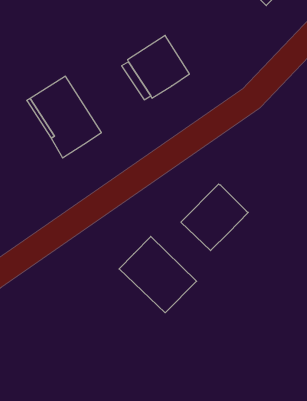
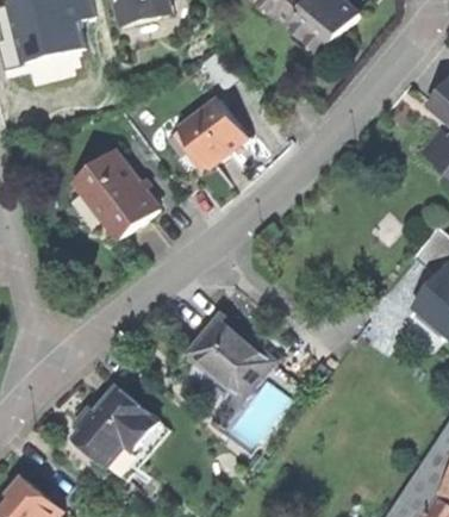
building: [181,184,248,251] -> none
building: none -> [74,386,157,465]

